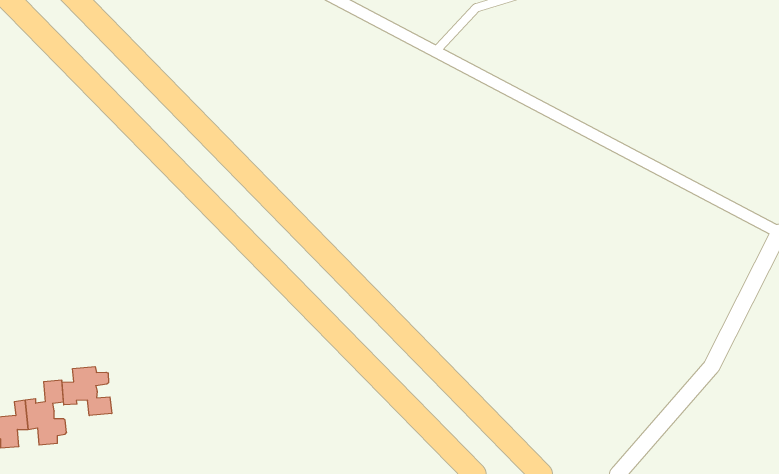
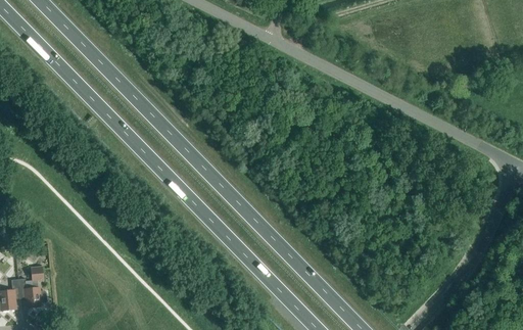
building: [62,367,112,416] -> none

